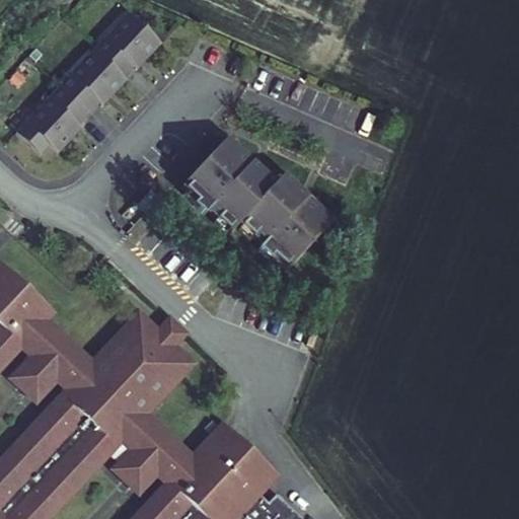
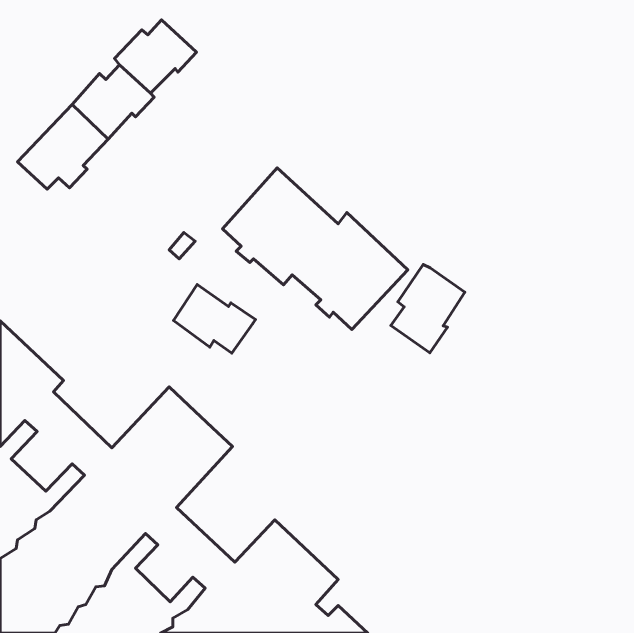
building: none -> [391,264,465,353]
building: none -> [173,285,255,353]

